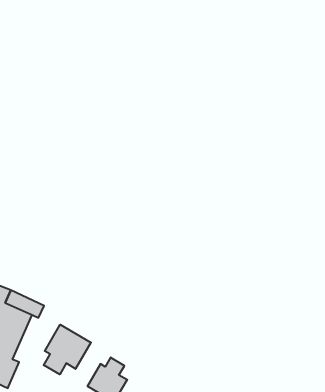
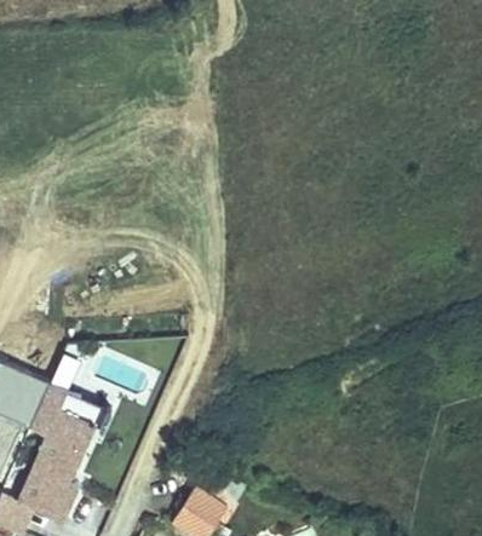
building: [44,325,91,374] -> none

